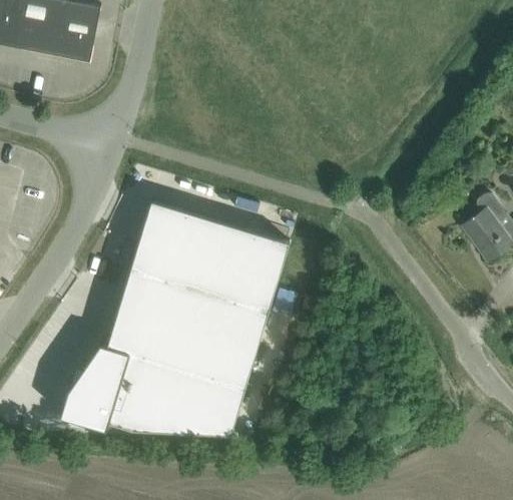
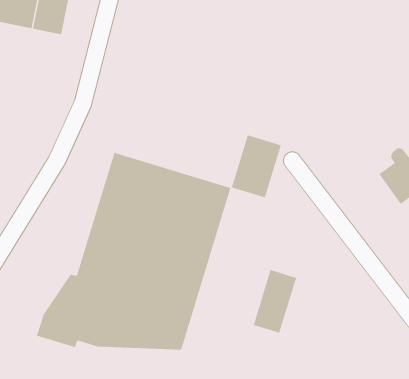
building: none -> [231,134,282,198]
building: none -> [253,269,297,334]

